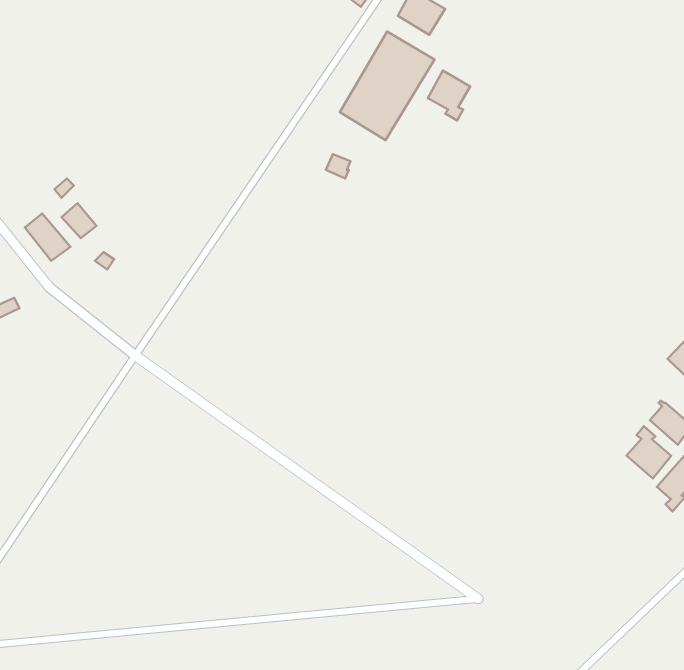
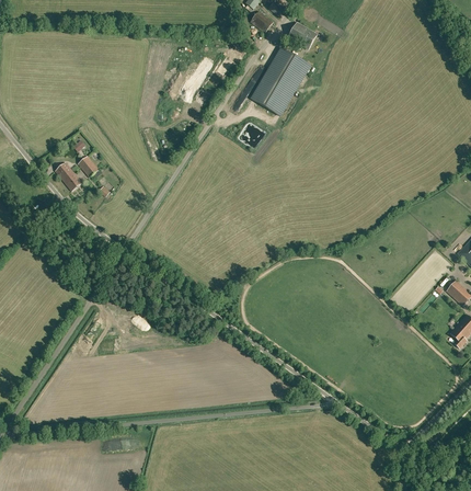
building: [428,70,470,121] -> none
building: [627,426,671,479] -> none

